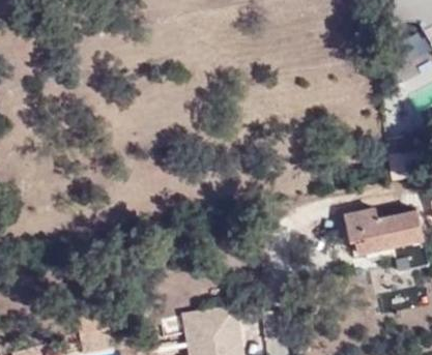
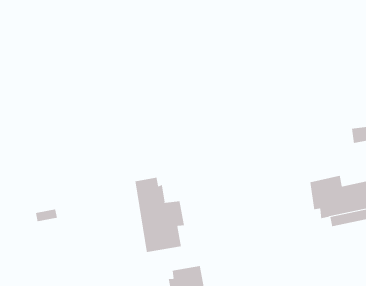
building: none -> [135,177,185,253]

